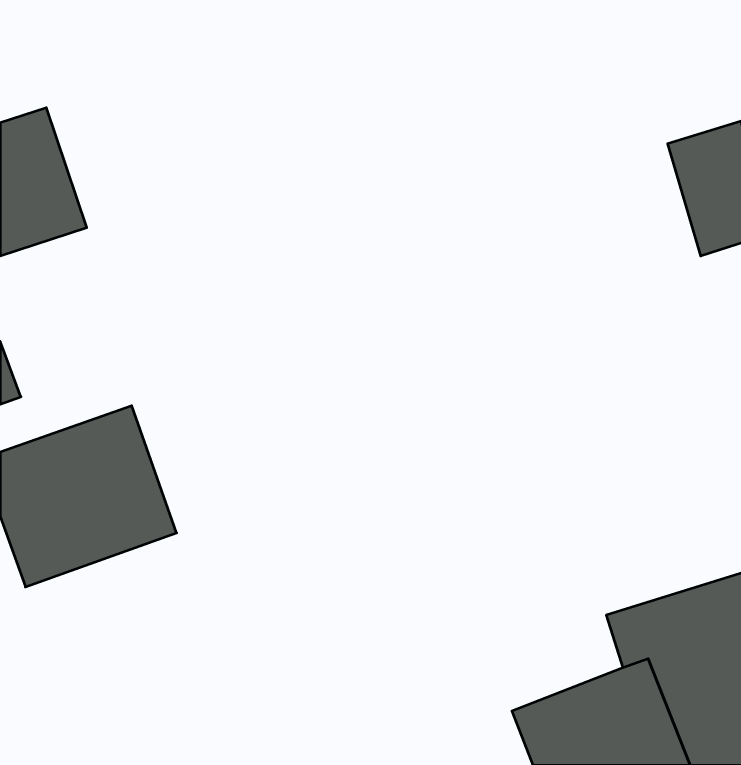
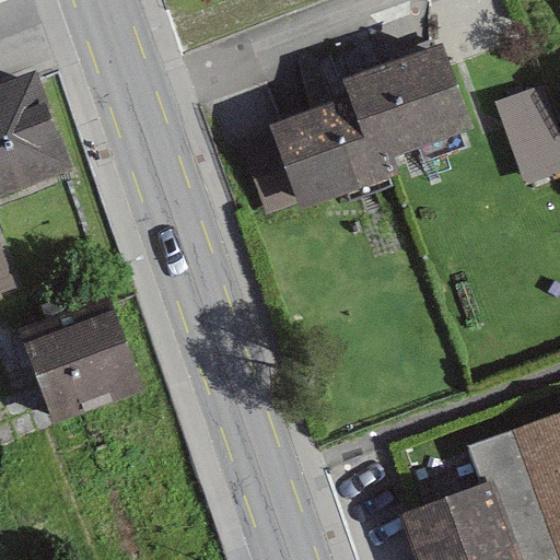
building: none -> [235,46,458,223]

